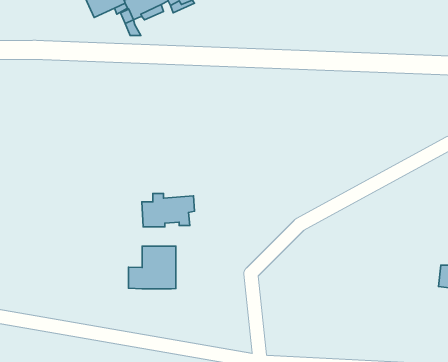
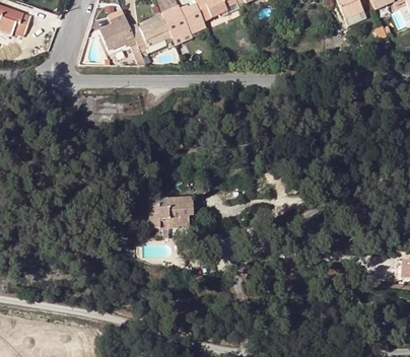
building: [128,246,176,289] -> none

